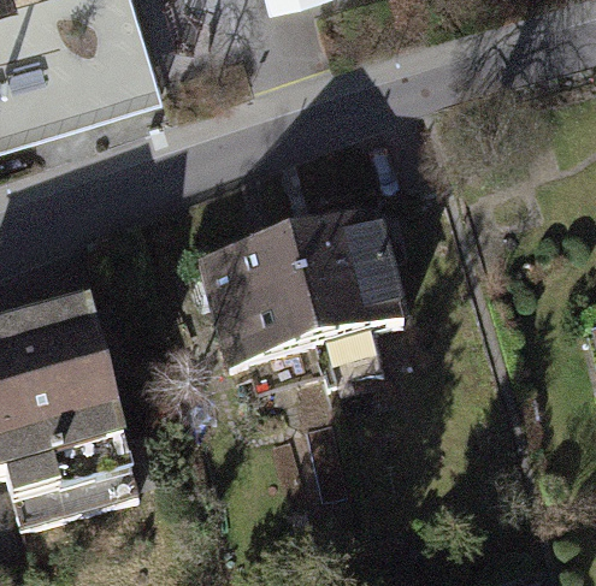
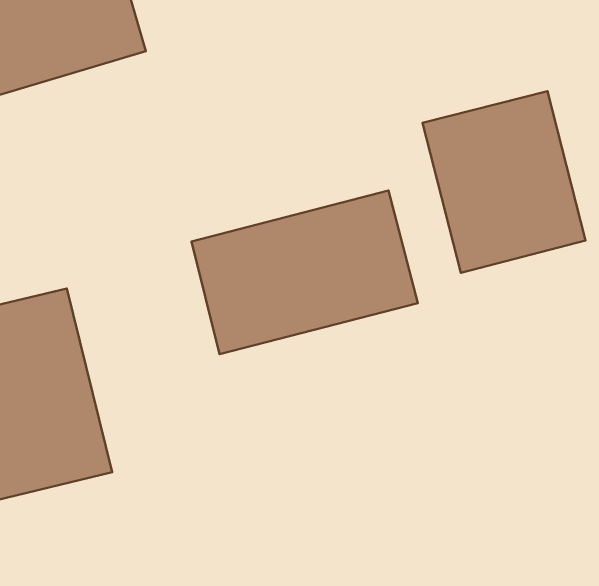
building: none -> [422,91,586,273]

